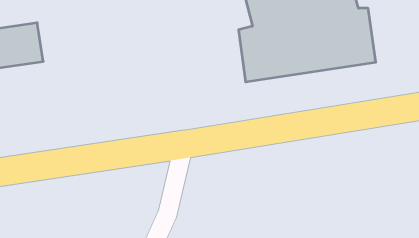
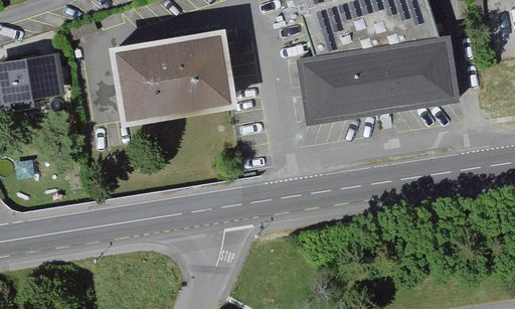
building: none -> [109,31,239,129]

